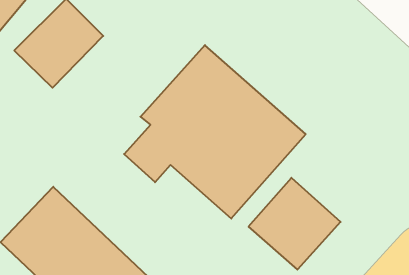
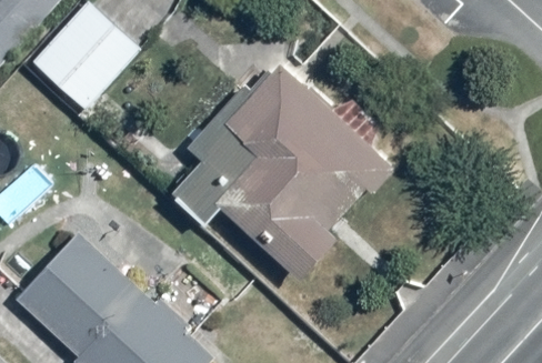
building: [249,178,341,270] -> none

